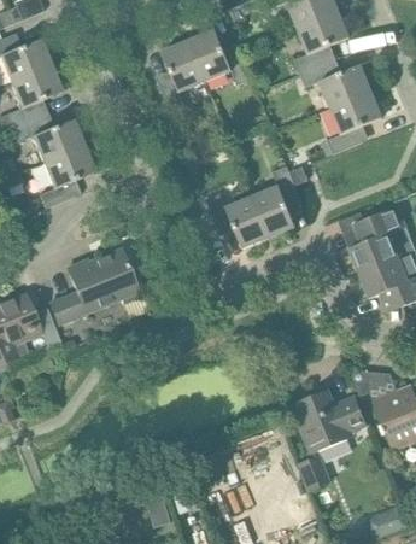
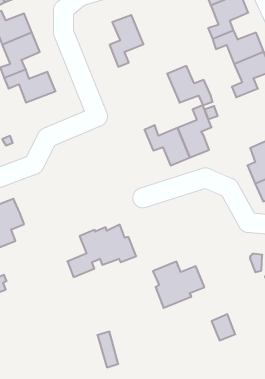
building: [188,29,251,83] -> [167,66,213,105]
building: [39,145,94,207] -> none
building: [49,251,145,323] -> [67,225,136,277]
building: [295,388,367,452] -> [153,262,204,308]

